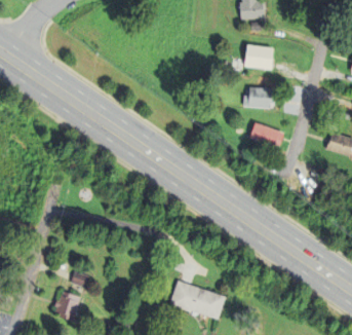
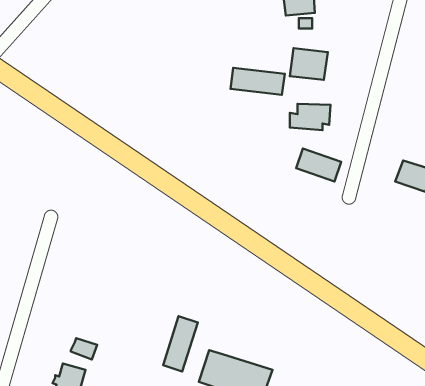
building: none -> [231,68,285,95]
building: none -> [163,316,198,372]

